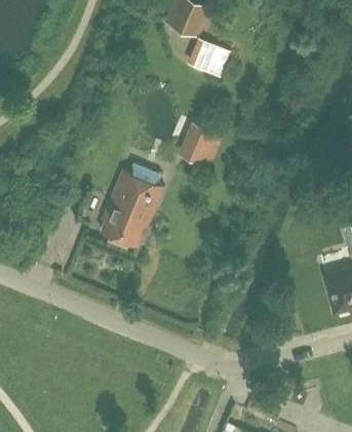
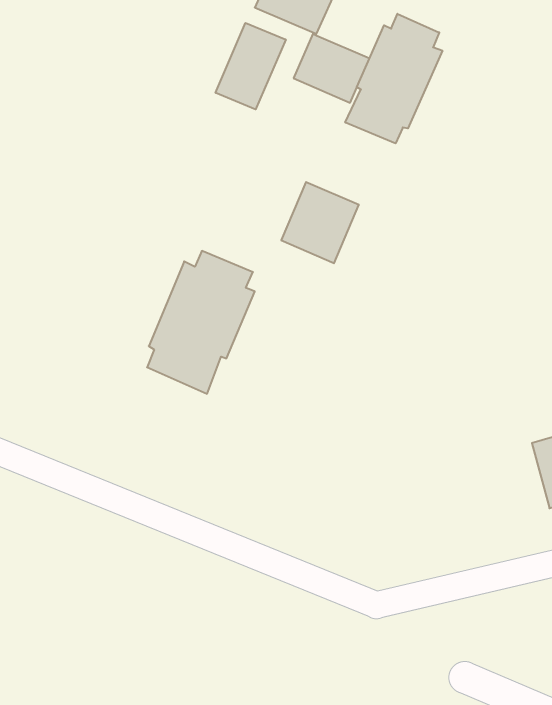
building: none -> [345,14,442,143]
building: none -> [216,23,286,109]

